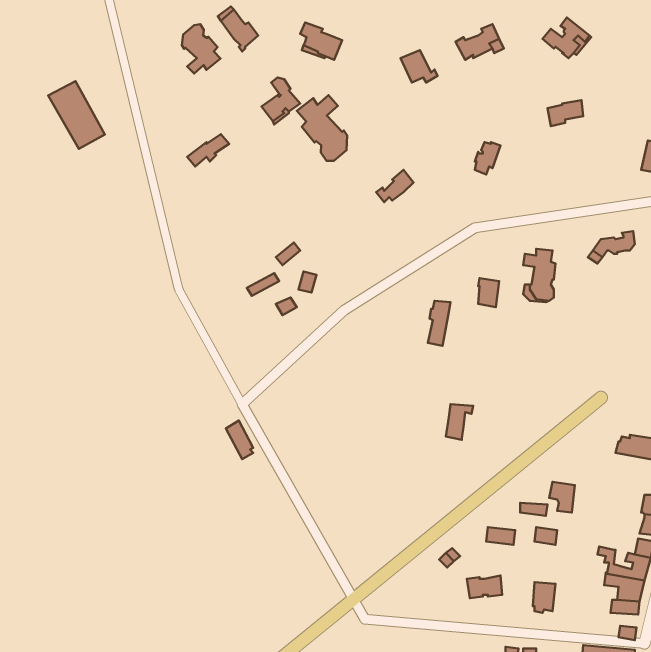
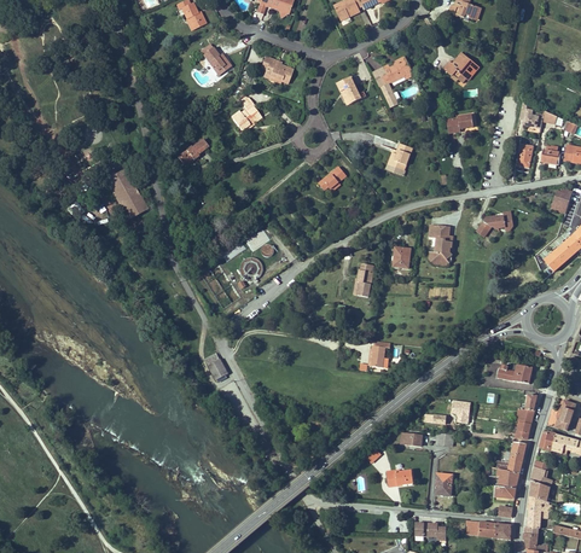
building: [182,24,220,73] -> none
building: [48,81,105,149] -> [104,168,146,219]
building: [297,95,347,161] -> none

